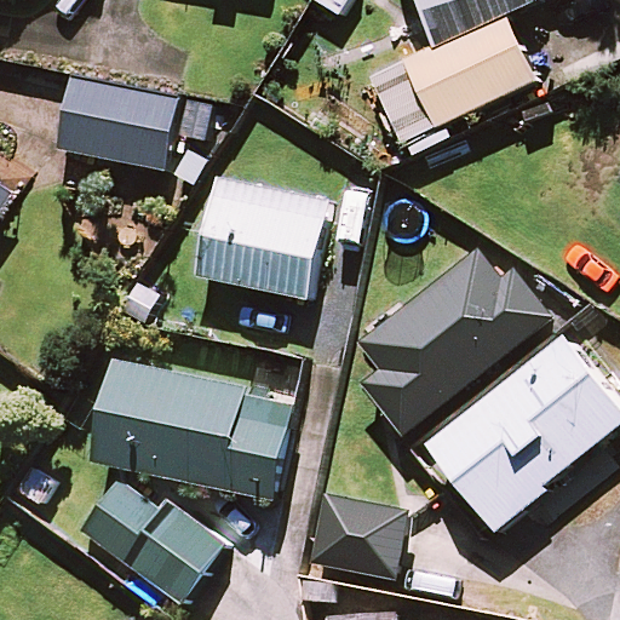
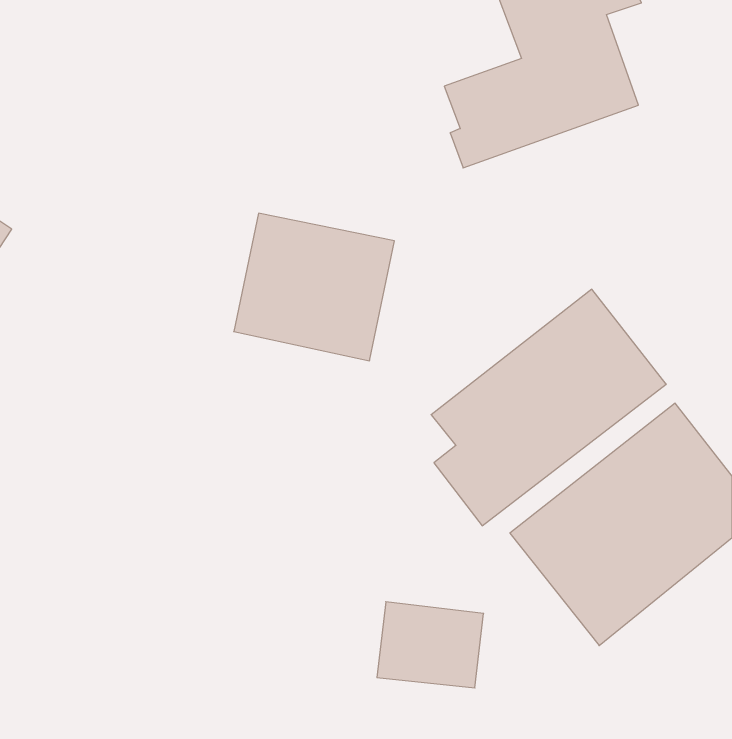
building: [54,76,174,168] -> none
building: [91,362,291,500] -> none
building: [79,473,220,601] -> none

